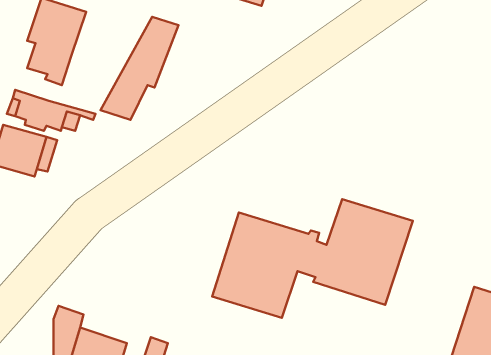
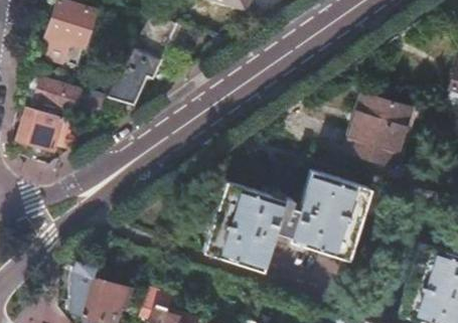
building: none -> [347,90,423,164]

